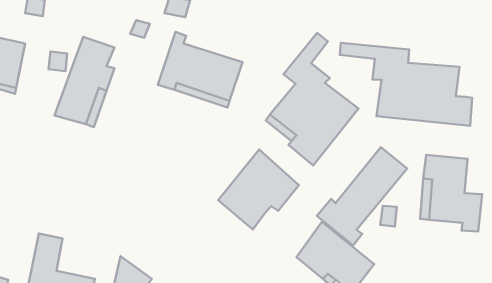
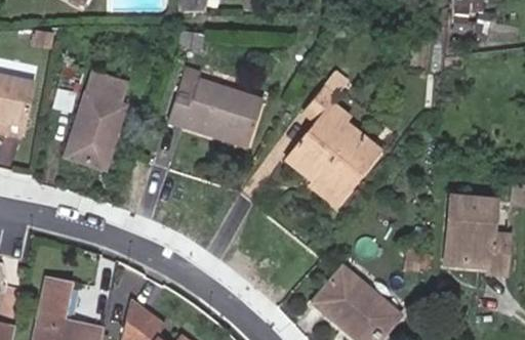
building: [340,43,472,126] -> none
building: [317,147,407,246] -> none
building: [218,150,299,229] -> none

